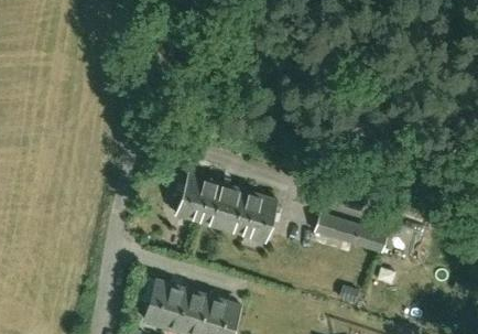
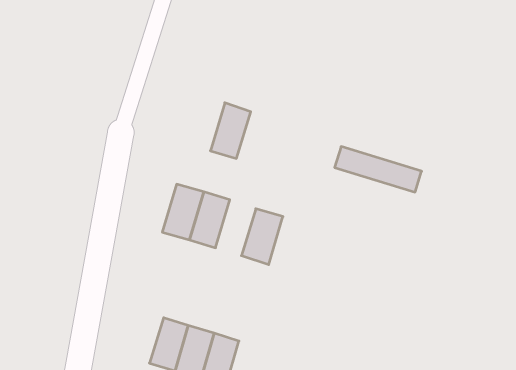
building: [221,186,256,234] -> [210,103,251,158]
building: [314,214,388,252] -> [335,147,422,192]
building: [144,281,177,325] -> none

